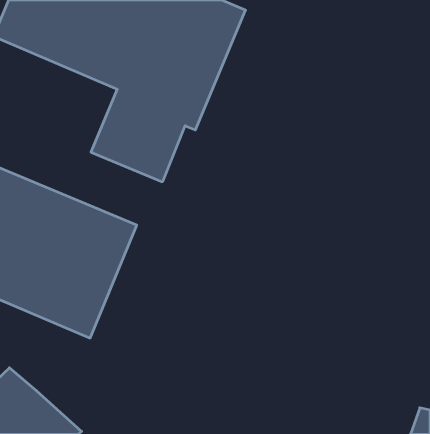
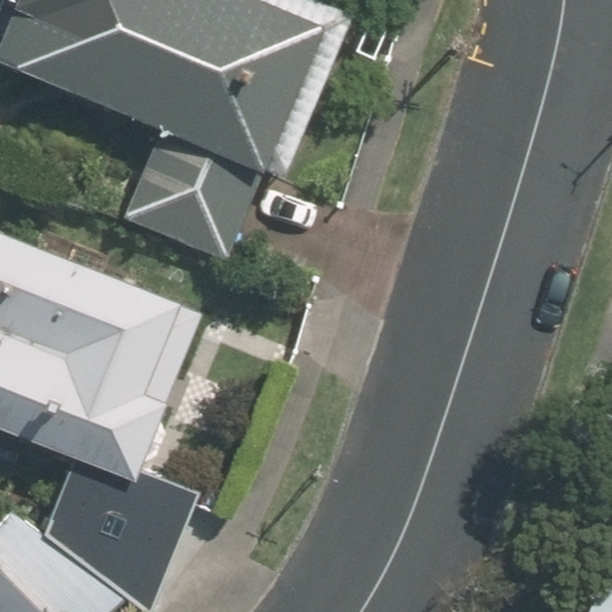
building: none -> [61,471,173,599]

